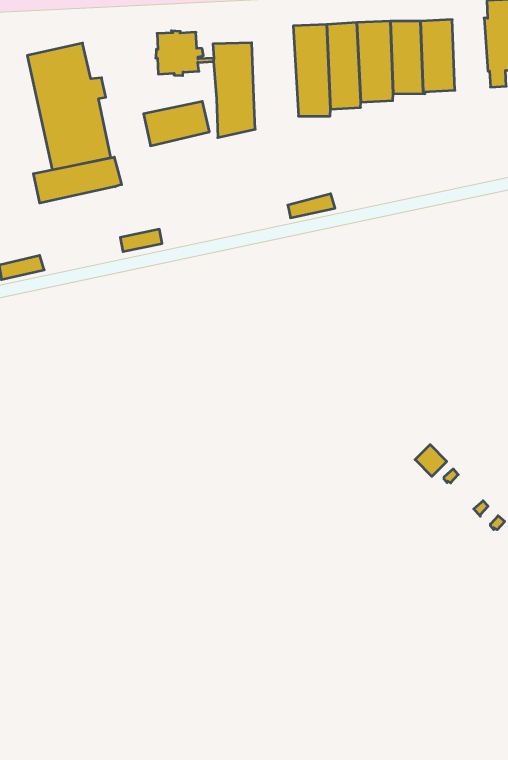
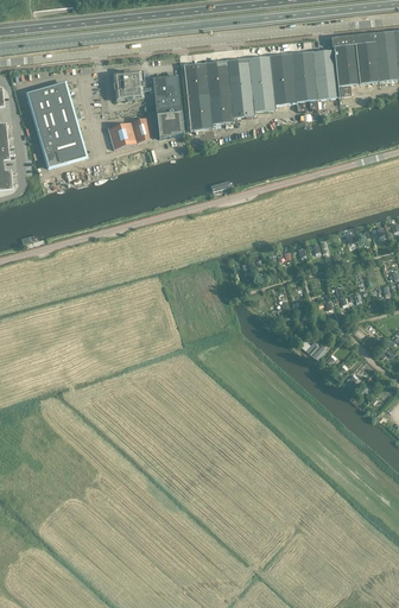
building: none -> [311,49,338,99]
building: none -> [183,62,211,129]
building: [33,157,122,203] -> none

